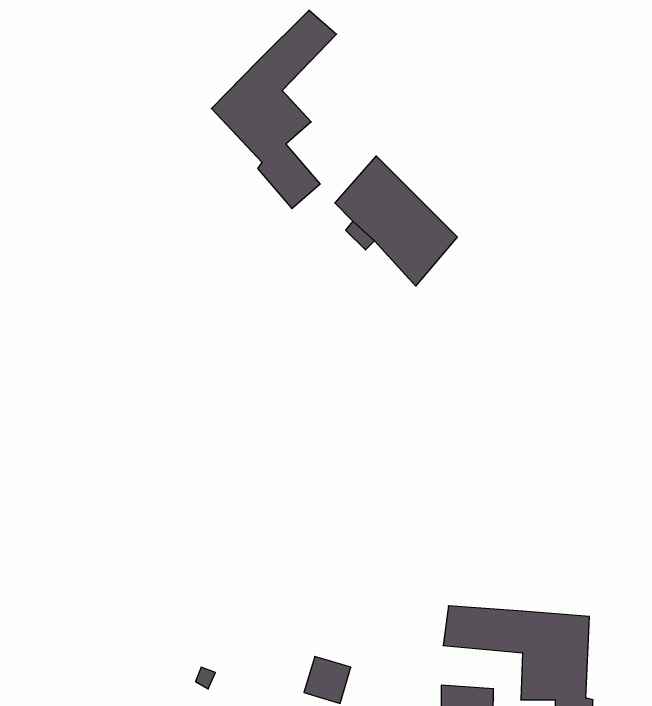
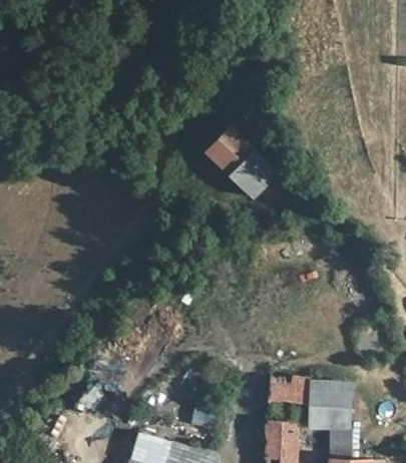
building: [211,10,337,209] -> none

